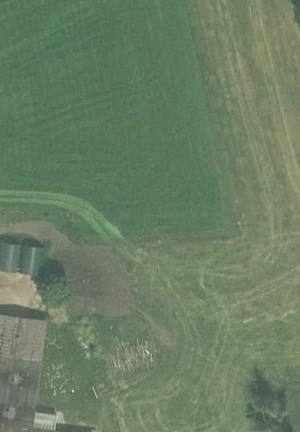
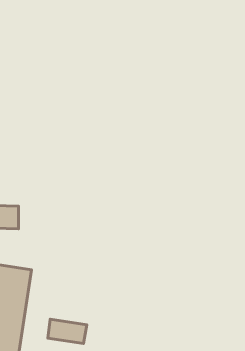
building: none -> [48,319,87,344]

